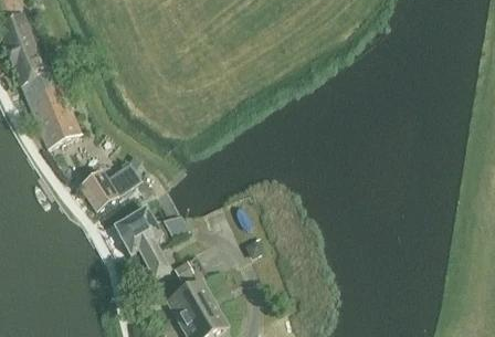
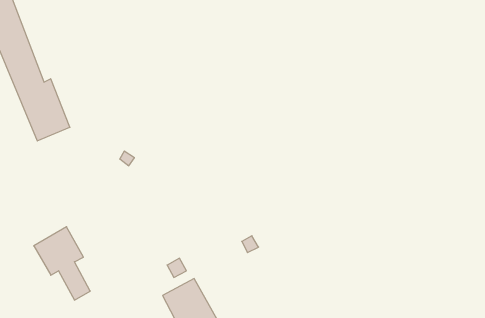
building: [75,167,118,203] -> none
building: [114,209,169,281] -> [34,227,90,300]

